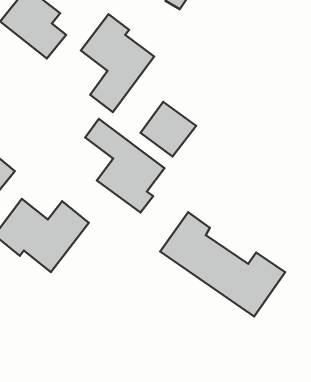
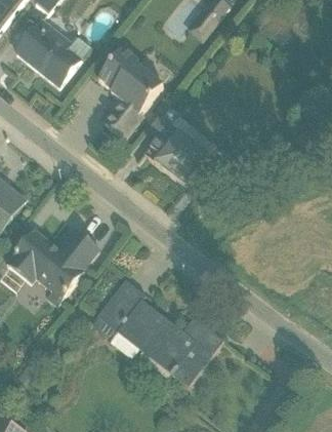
building: [85,119,165,213] -> none
building: [160,212,285,317] -> [96,278,220,382]

